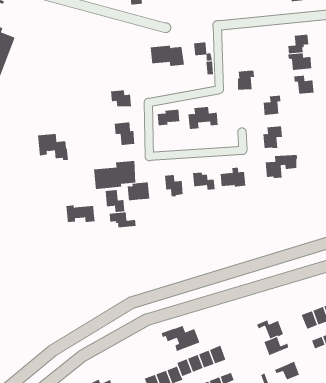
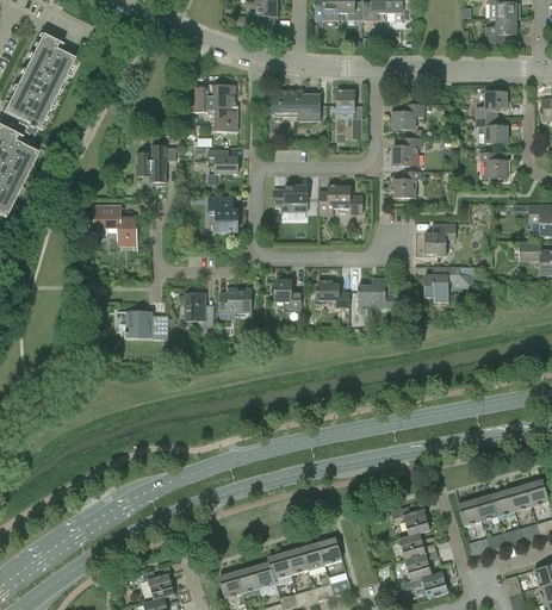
building: none -> [187,85,238,131]
building: none -> [393,105,424,137]
building: none -> [136,145,176,181]
building: [263,95,281,115] -> [393,170,421,198]
building: [94,160,136,190] -> none
building: [109,212,136,228] -> none
building: [161,325,200,352] -> none
building: none -> [405,549,439,580]

